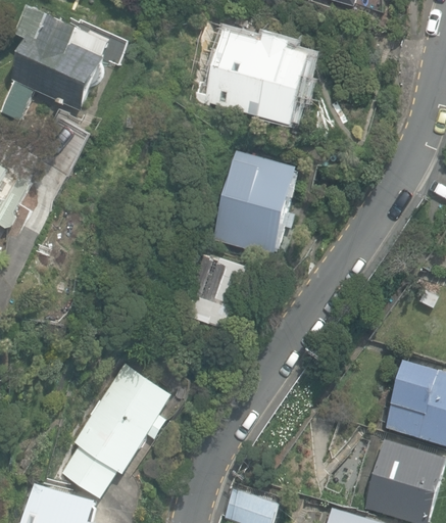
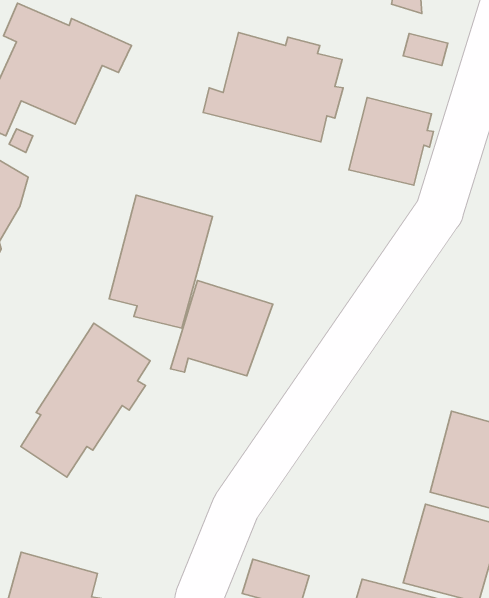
building: none -> [349,98,433,185]
building: [209,149,299,265] -> [109,195,213,328]
building: [59,365,171,498] -> [21,323,150,477]

